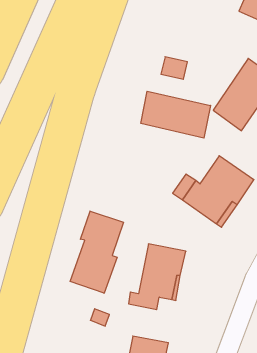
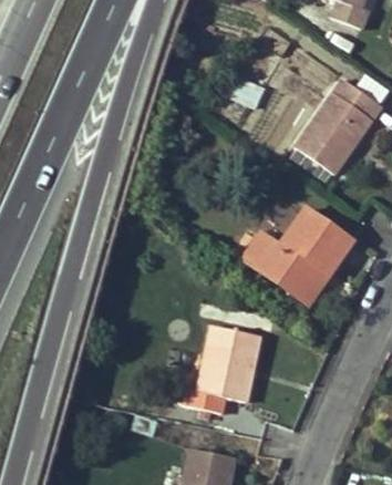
building: [141,91,211,138] -> none
building: [70,211,124,293] -> none

